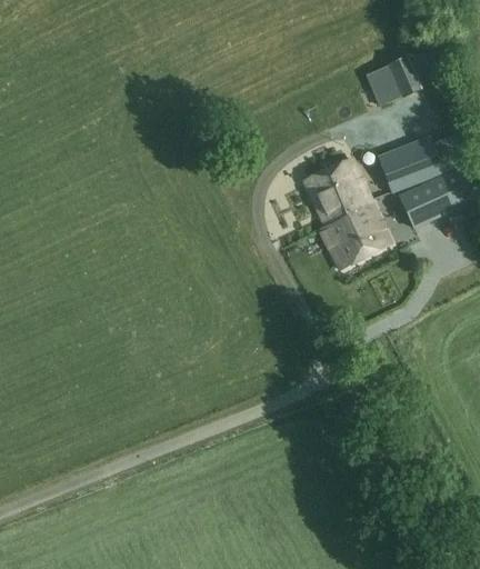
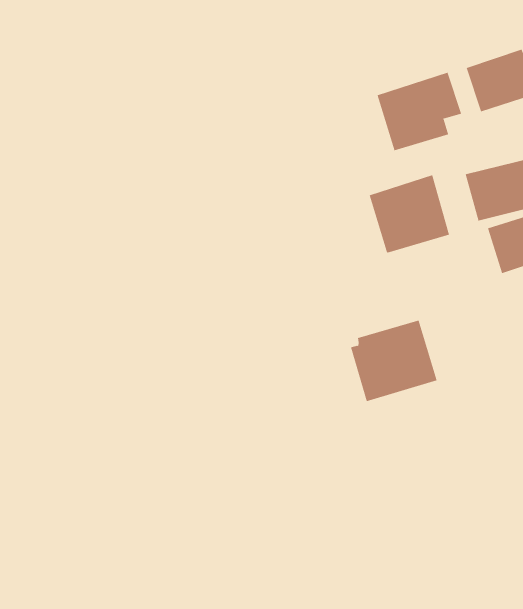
building: none -> [377,72,462,151]
building: [320,202,390,270] -> [350,320,438,402]

